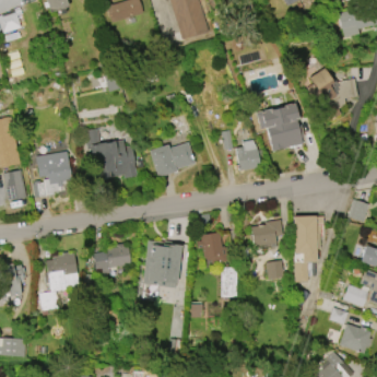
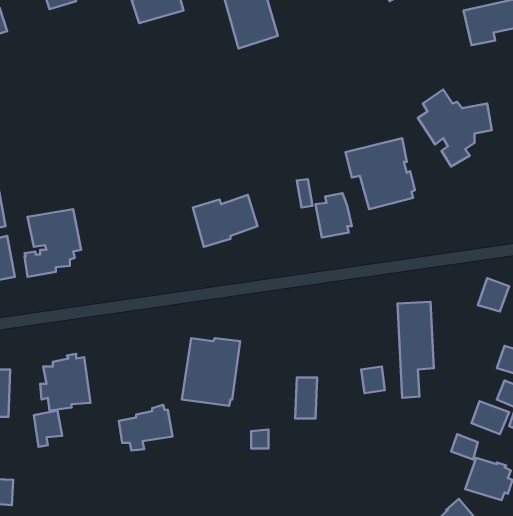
building: [84,128,137,178] -> none
building: [251,220,282,246] -> none
building: [196,232,231,263] -> none
building: [94,243,131,274] -> [119,405,172,451]

